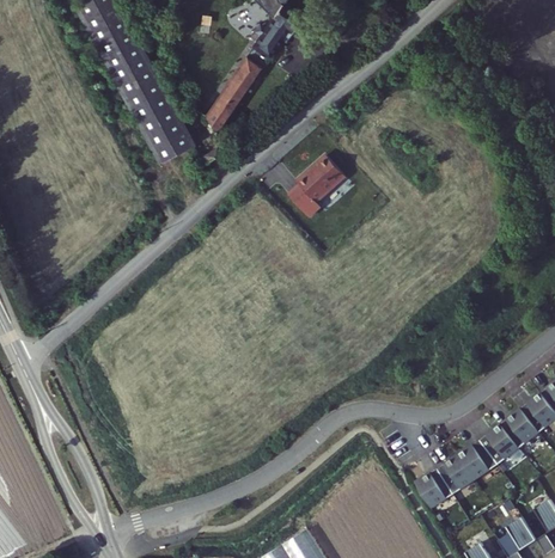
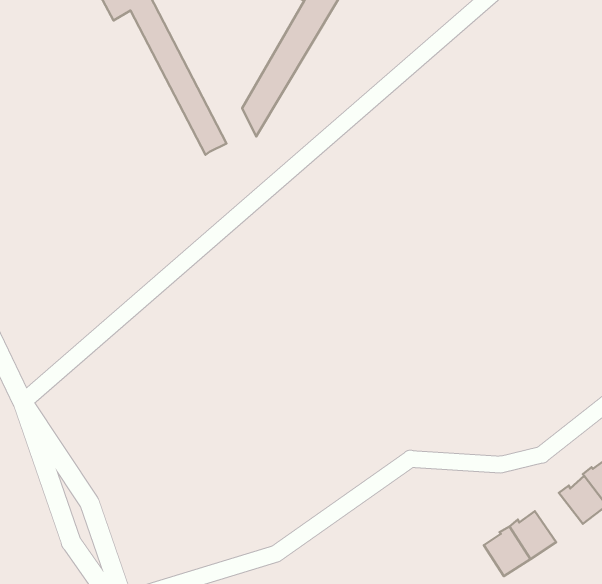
building: [98,33,176,163] -> none
building: [287,160,342,220] -> none
building: [455,441,495,483] -> none

